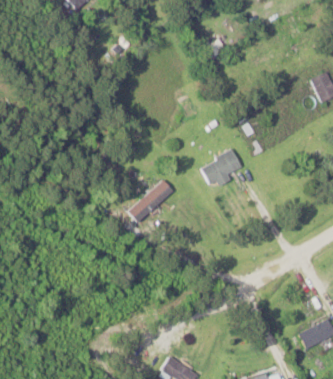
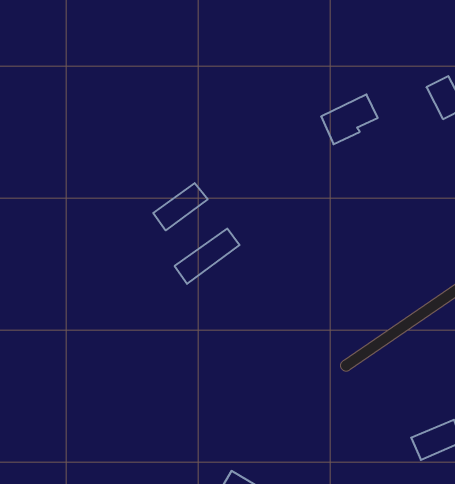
building: none -> [153,183,208,230]
building: [201,150,242,186] -> [321,94,378,144]

